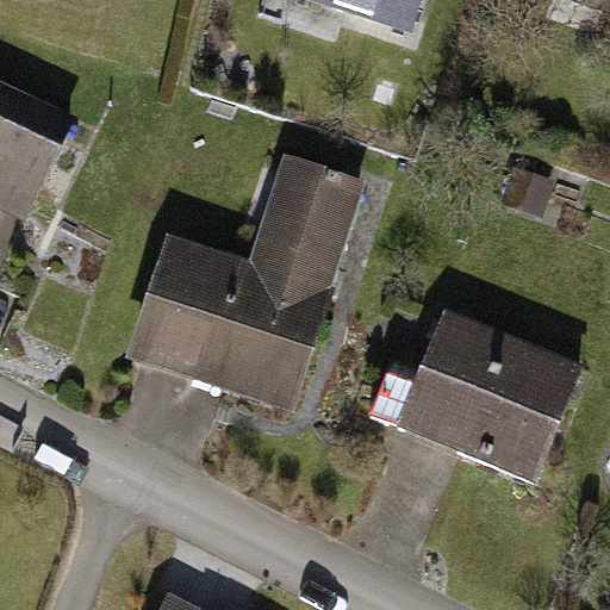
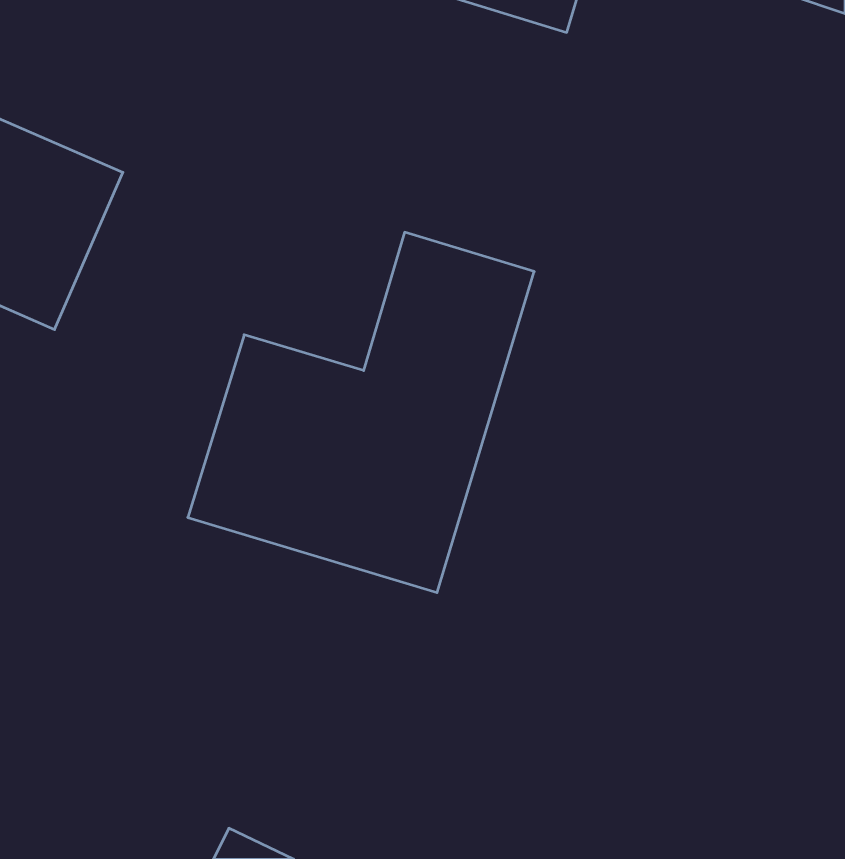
building: [396,305,585,477] -> none

